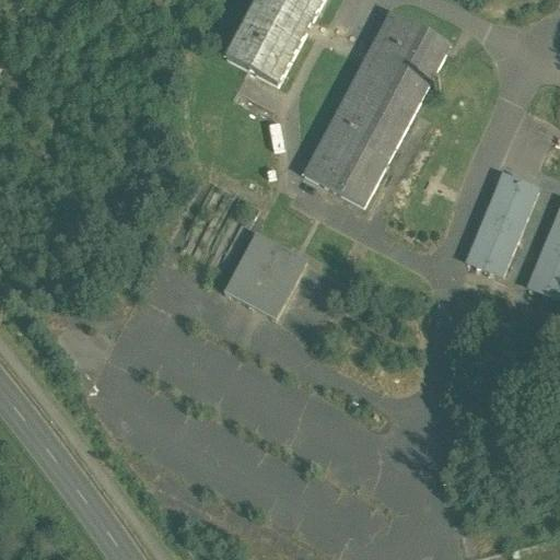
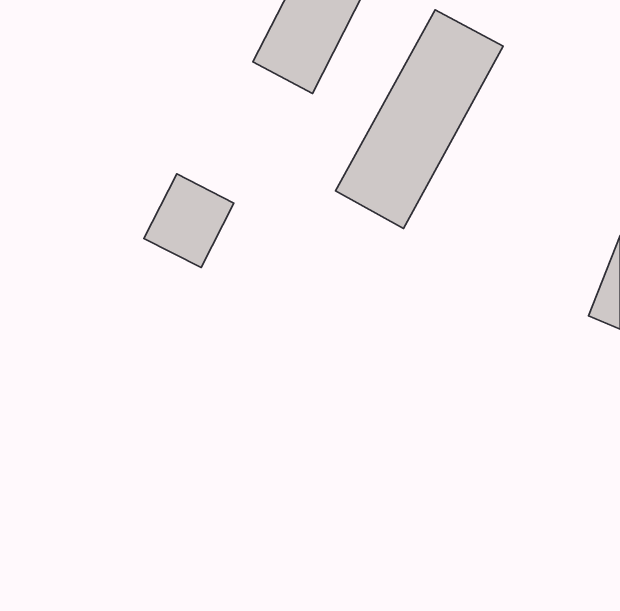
building: [466,174,545,279] -> none
building: [224,234,305,318] -> [144,174,234,268]

